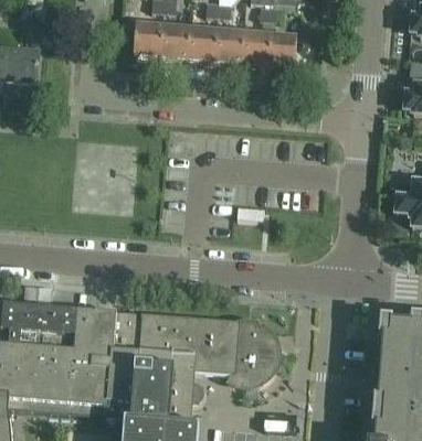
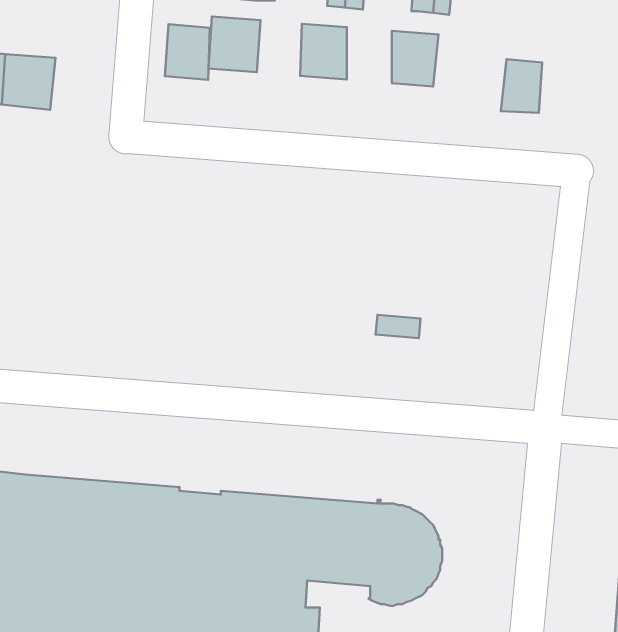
building: [162,24,190,58] -> [165,24,210,80]
building: [218,29,245,63] -> none
building: [271,33,296,66] -> [501,59,542,113]

